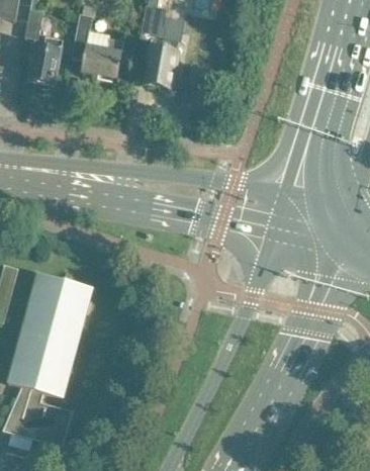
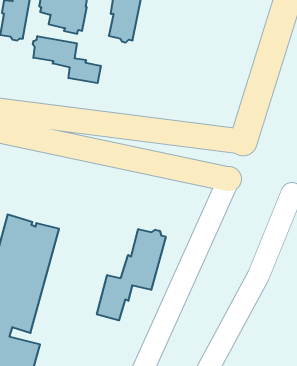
building: none -> [33,36,101,83]
building: none -> [97,229,166,320]

